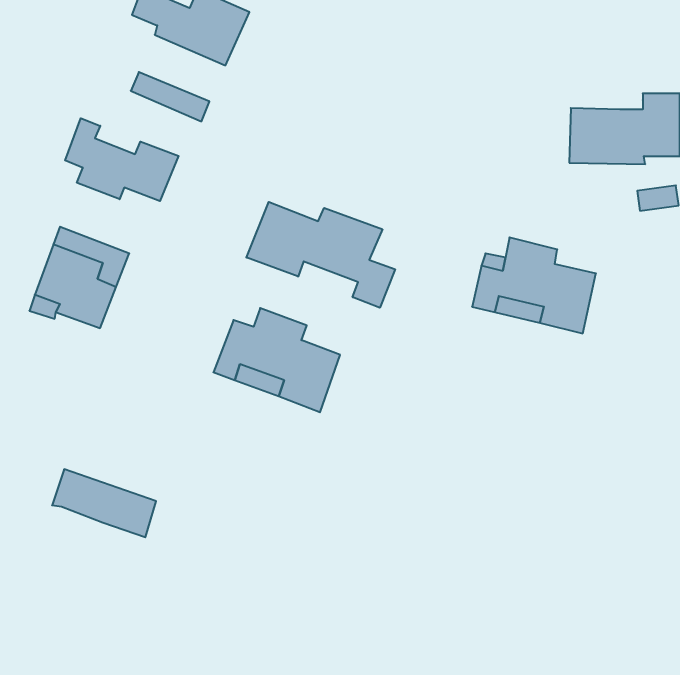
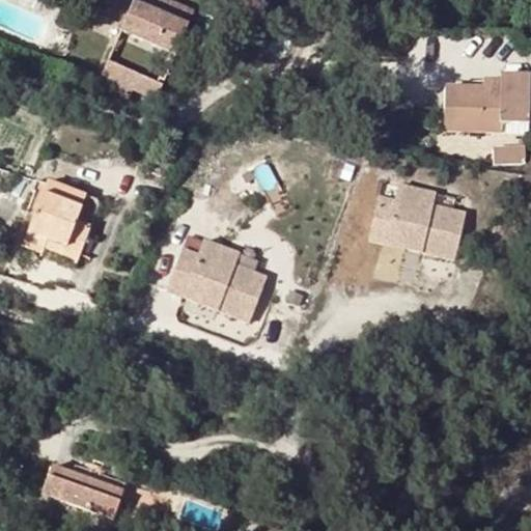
building: [65,118,179,201] -> none
building: [246,202,395,308] -> none
building: [52,469,156,537] -> [43,462,123,514]

